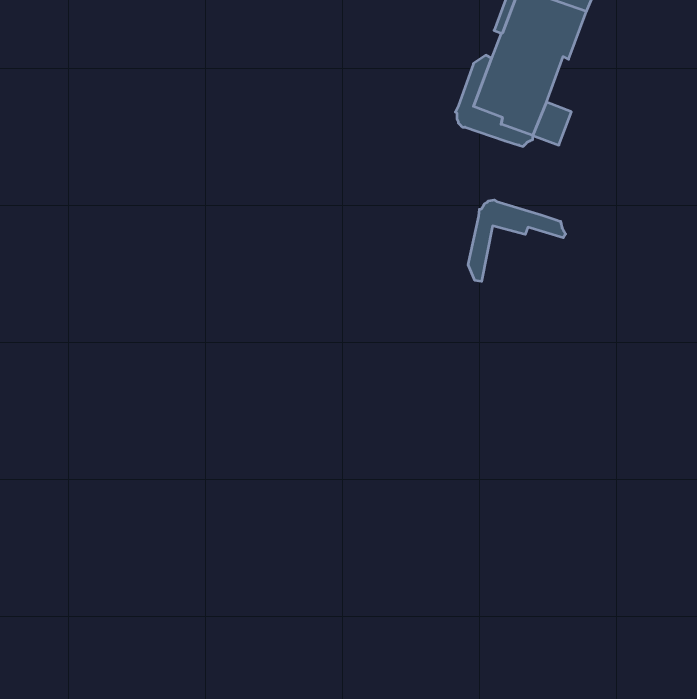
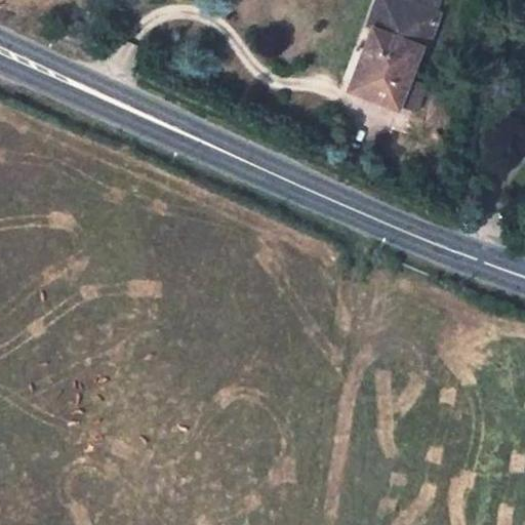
building: [468,200,566,281] -> none

